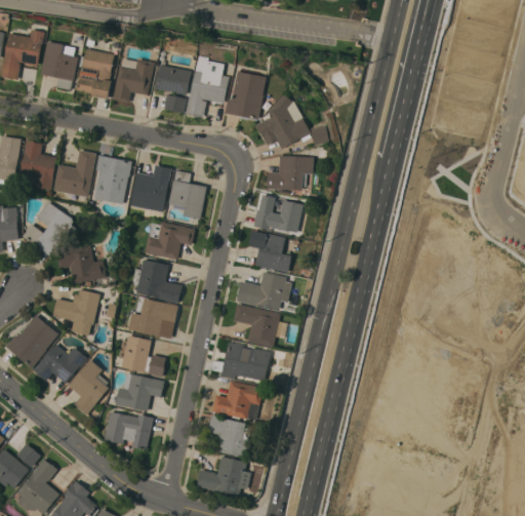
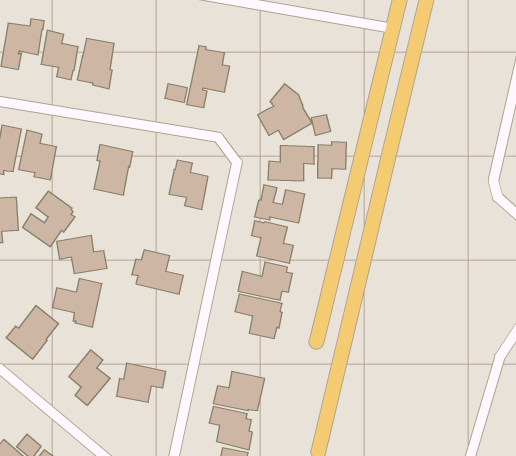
building: [113,59,154,103] -> none
building: [155,65,191,95] -> none
building: [226,72,266,120] -> none
building: [53,150,96,198] -> none
building: none -> [318,142,346,179]
building: [130,165,171,212] -> none
building: [145,222,195,260] -> none
building: [128,299,178,336] -> none
building: [117,335,167,378] -> none
building: [223,342,271,381] -> none
building: [34,344,87,383] -> none
building: [105,411,154,450] -> none

